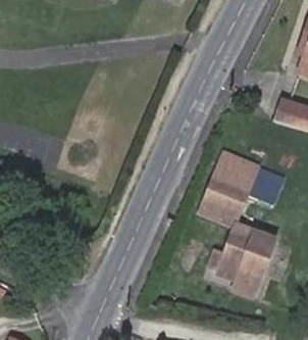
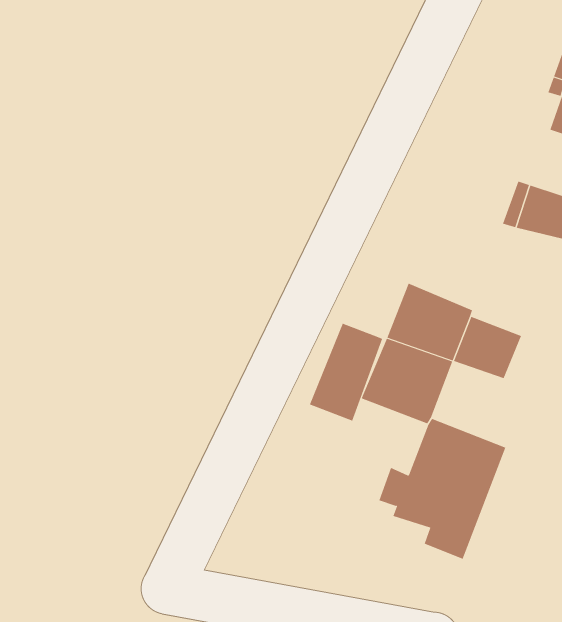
building: none -> [309,323,383,422]

